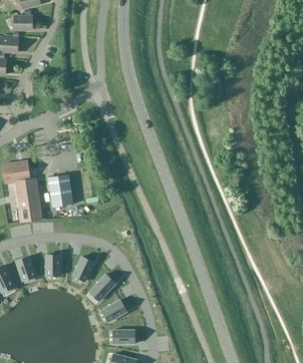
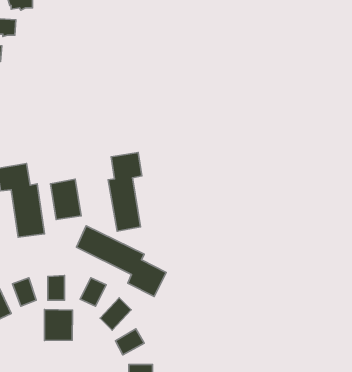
building: none -> [108,153,142,231]
building: none -> [76,226,166,296]
building: none -> [44,310,72,340]

